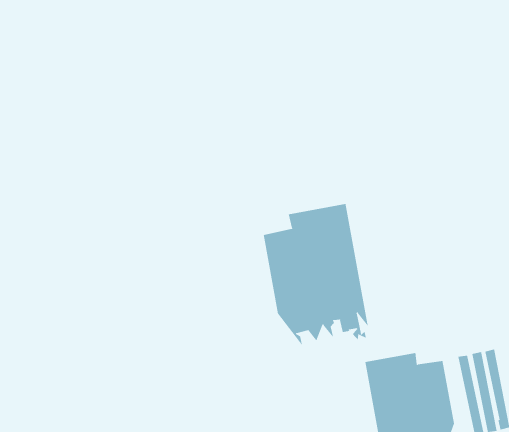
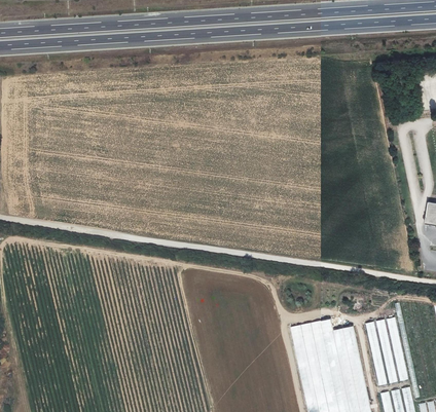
building: [263,203,368,347] -> none

